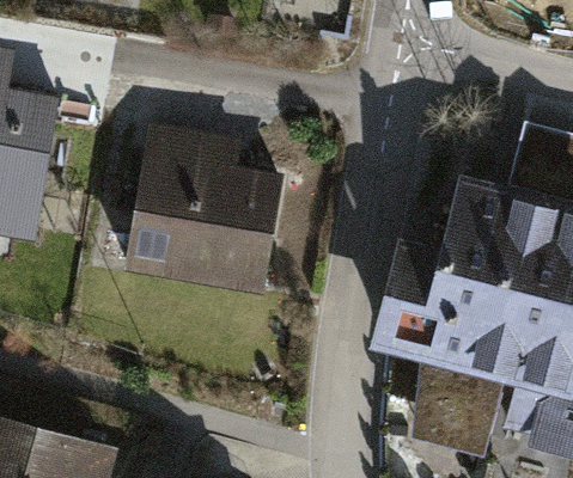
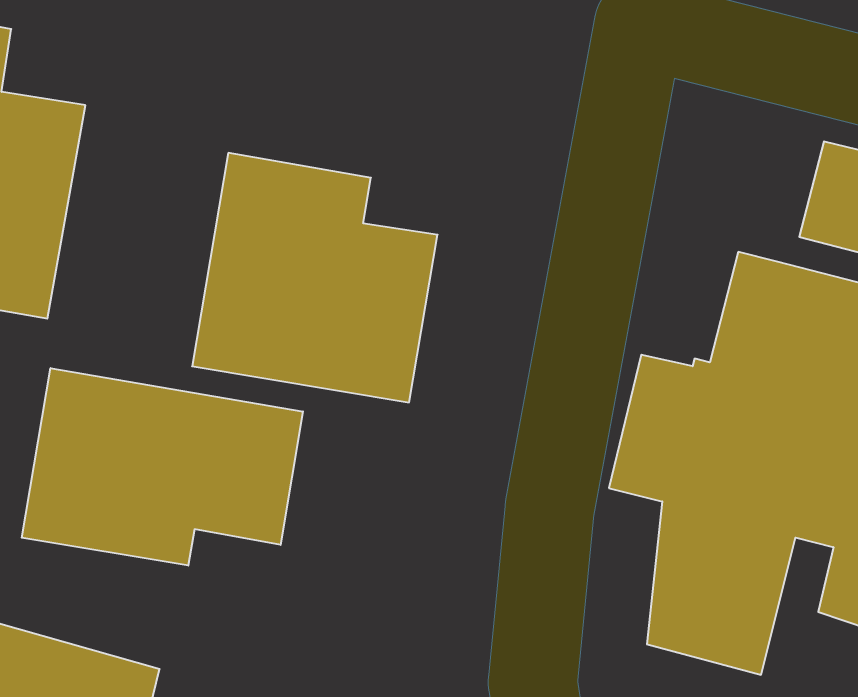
building: none -> [22,368,303,566]

